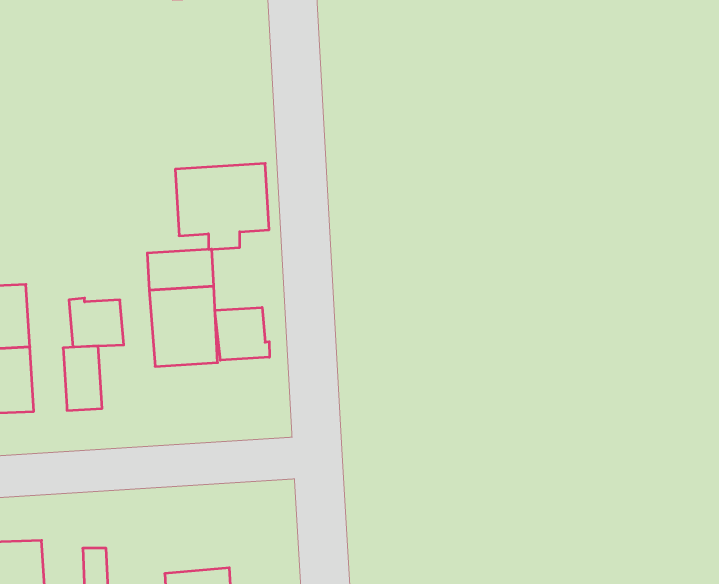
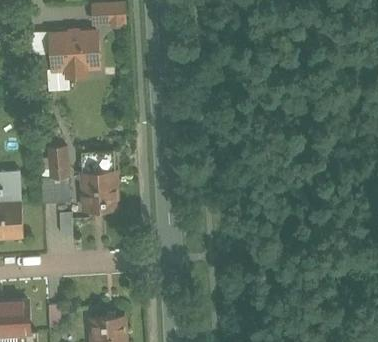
building: [175,163,269,249] -> [51,32,99,76]
building: [215,307,269,360] -> none
building: [63,346,102,410] -> [47,146,67,179]

